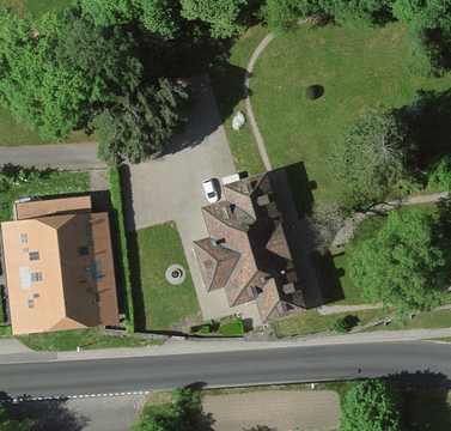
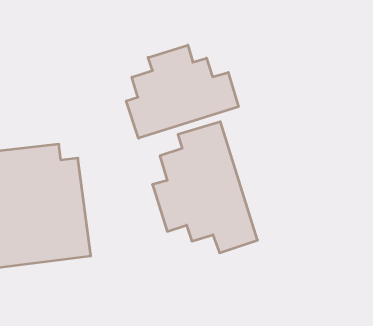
building: none -> [126,45,238,138]

